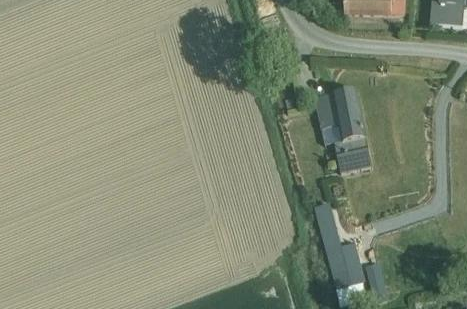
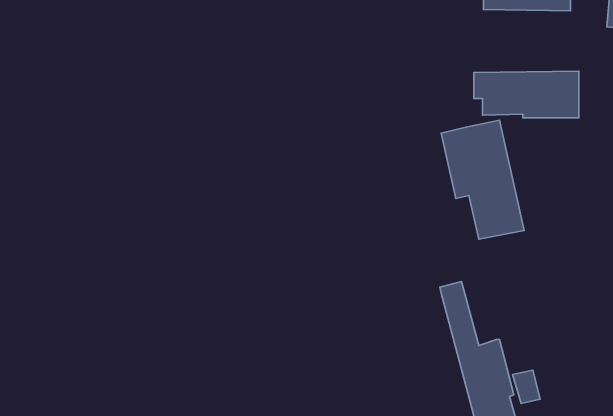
building: none -> [474,71,579,118]

